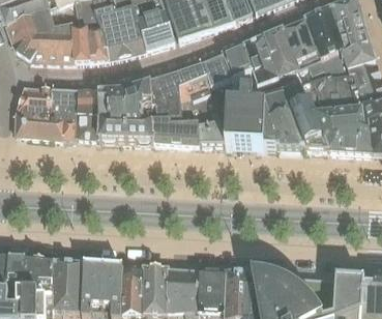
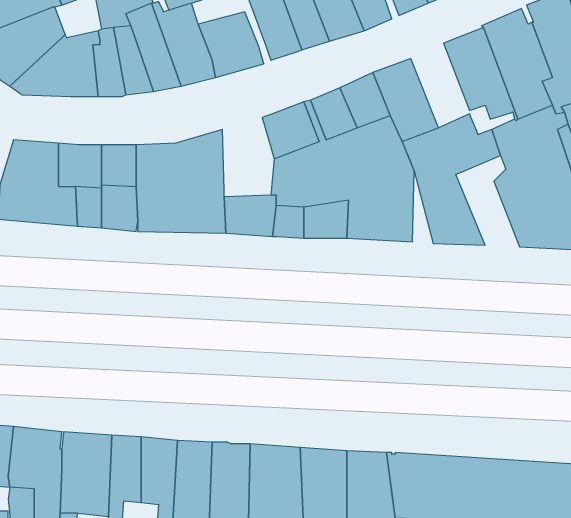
building: [263,28,298,79] -> none
building: [150,72,181,120] -> none
building: [290,95,328,150] -> none

